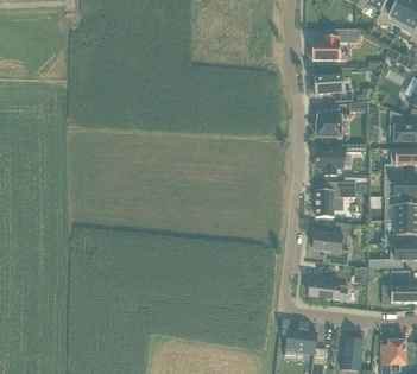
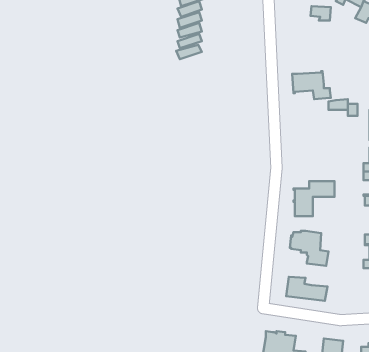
building: [310,28,346,61] -> none
building: [316,115,341,137] -> none
building: [316,151,343,175] -> none

